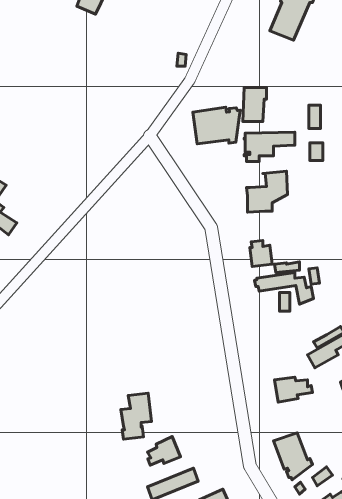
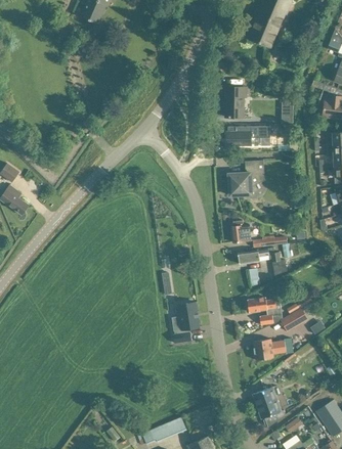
building: [193,107,240,144] -> none
building: none -> [247,297,282,324]
building: [121,393,152,439] -> [172,303,199,343]
building: [147,437,180,465] -> none

